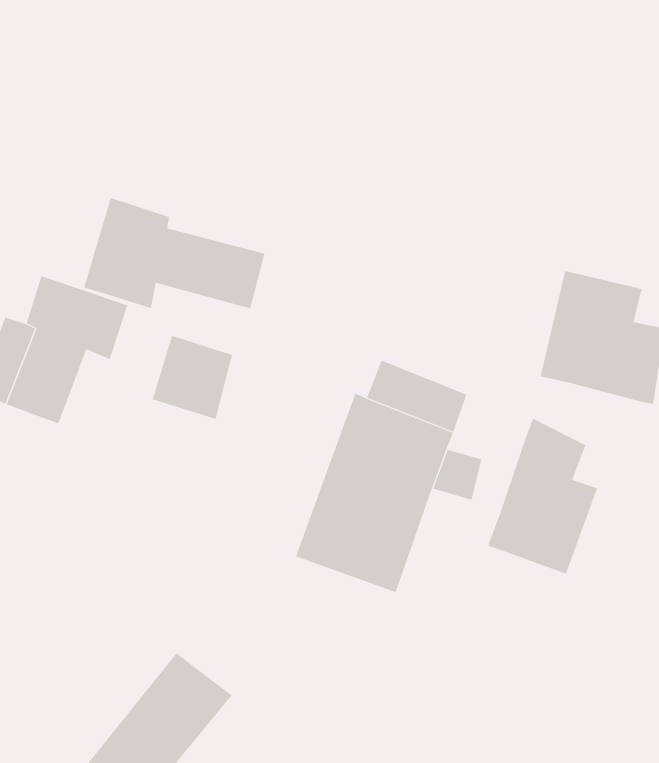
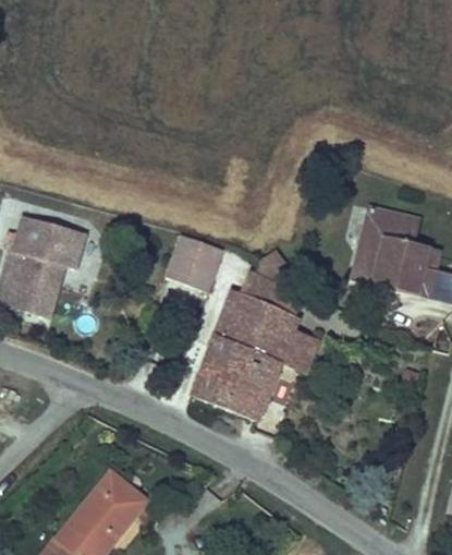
building: [83,197,265,309] -> none
building: [152,335,233,419] -> [161,237,215,292]
building: [488,418,598,575] -> none

